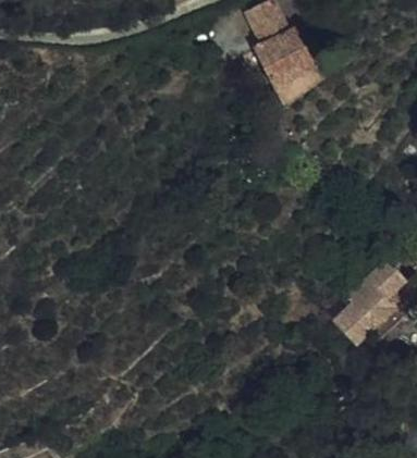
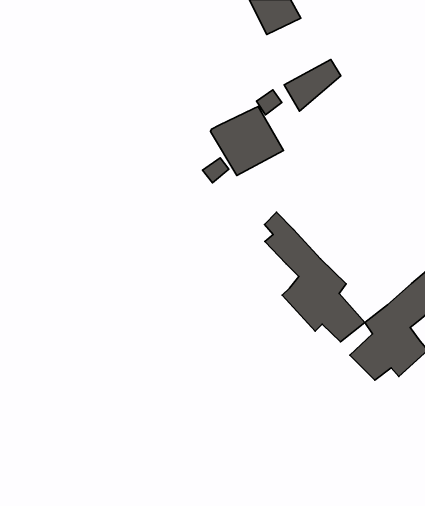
building: [252,26,315,86] -> [210,106,283,176]
building: none -> [265,212,365,342]

